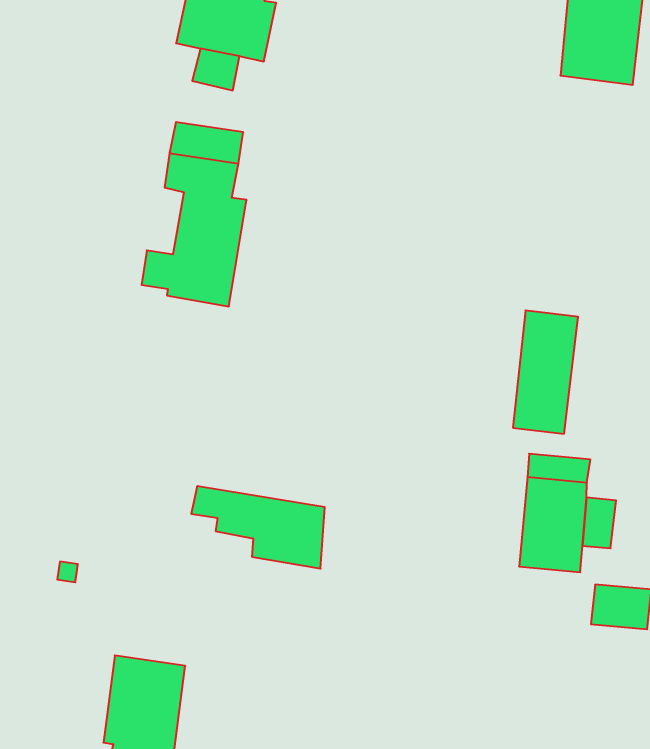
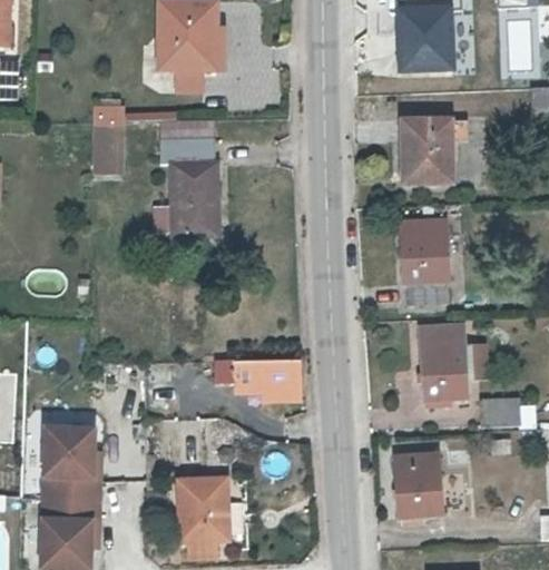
building: none -> [88,116,118,171]
building: none -> [414,112,463,174]
building: none -> [412,448,452,504]

